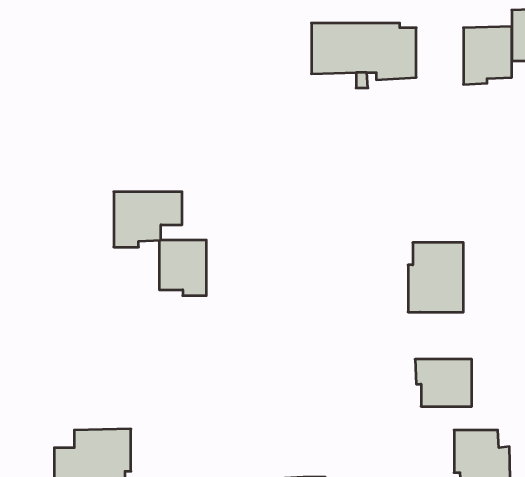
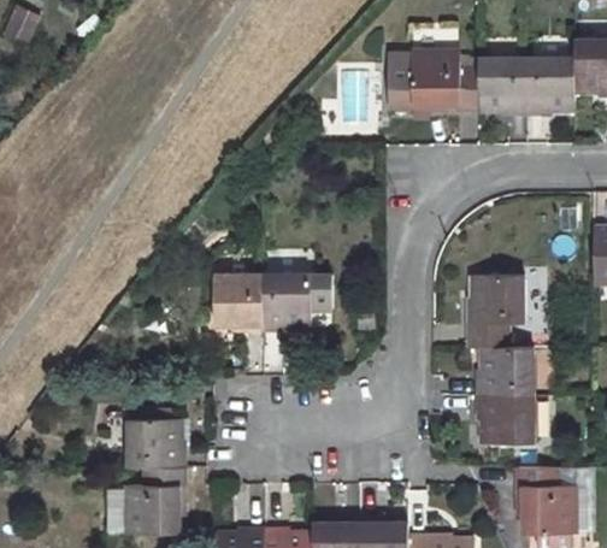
building: none -> [478,58,526,116]
building: [114,192,182,247] -> [264,275,334,331]
building: none -> [477,348,535,396]
building: none -> [129,419,187,469]

